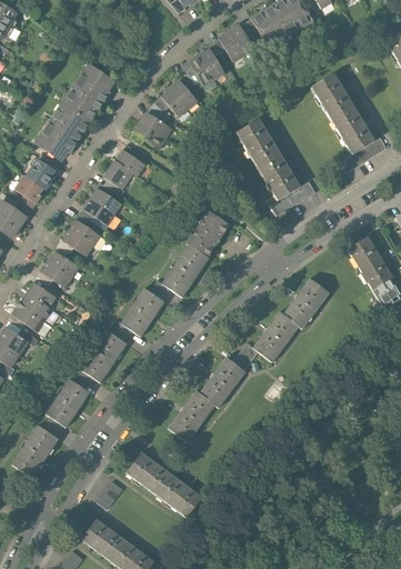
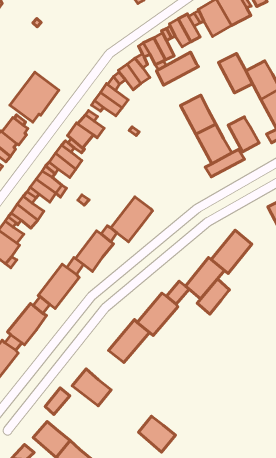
building: [60,62,116,122] -> none
building: none -> [218,54,253,93]
building: none -> [156,52,199,85]
building: none -> [228,117,259,152]
building: [186,210,230,258] -> none
building: none -> [197,279,229,314]
building: [158,477,202,519] -> [139,416,176,452]

